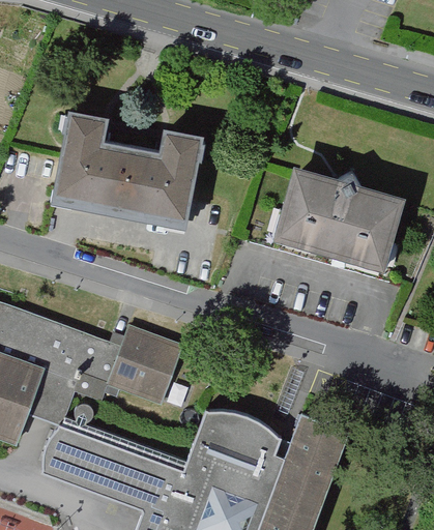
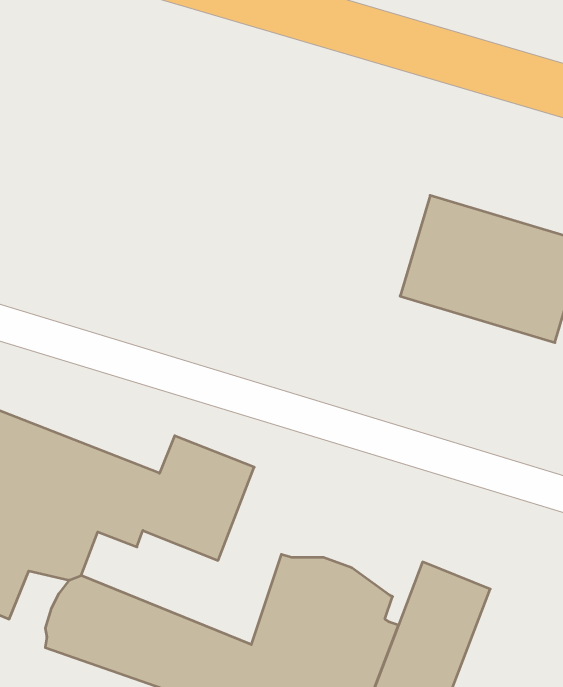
building: [58,109,208,222] -> none

